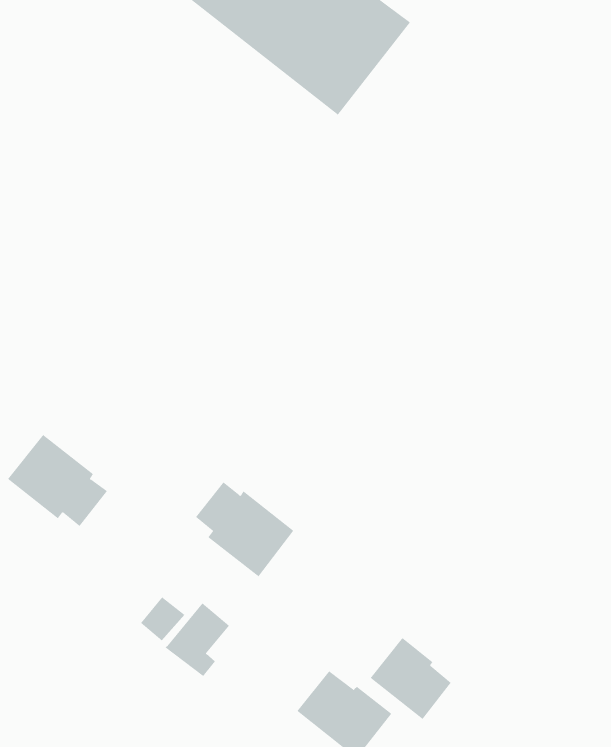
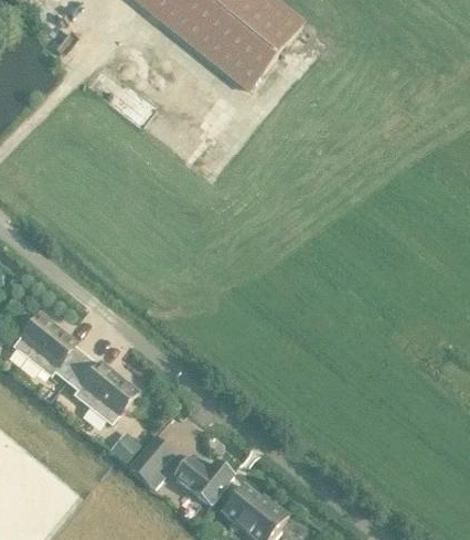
building: [195,481,294,577] -> [66,354,137,423]
building: none -> [174,456,234,505]
building: [370,637,451,720] -> none

